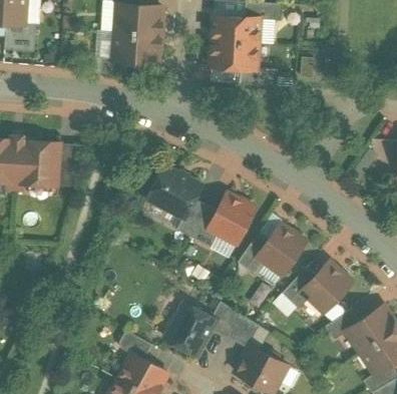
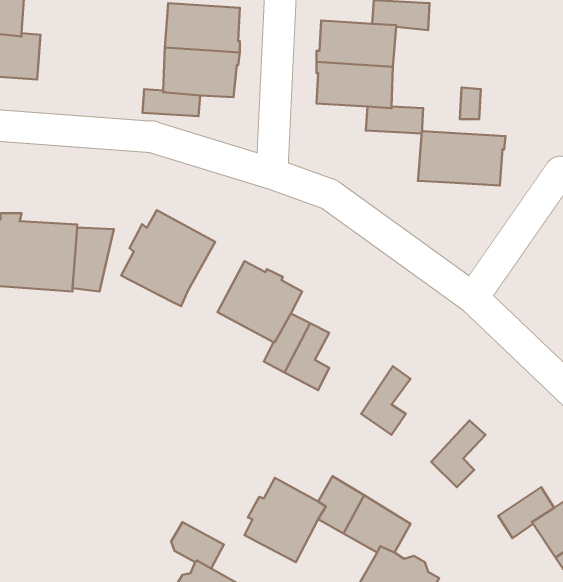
building: none -> [418,131,506,185]
building: none -> [121,210,215,306]
building: [210,194,255,240] -> none
building: [258,225,306,272] -> none
building: [303,262,352,309] -> none

